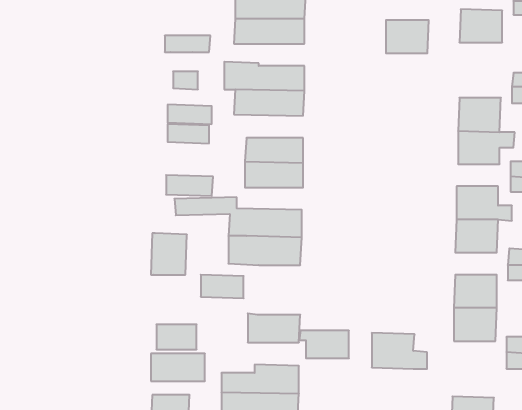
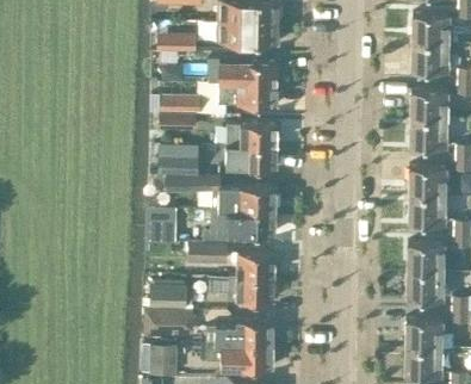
building: [386,20,429,53] -> [411,43,448,72]
building: [299,331,349,358] -> [231,254,274,278]
building: [372,333,427,369] -> [405,318,453,349]

